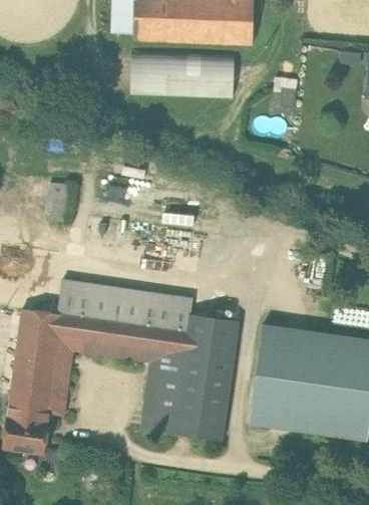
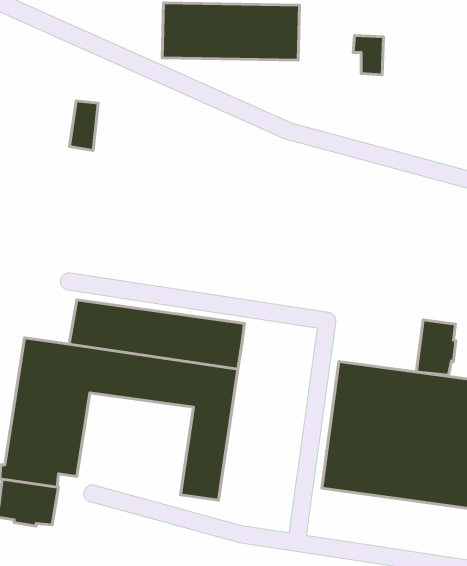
building: [46,183,68,221] -> [69,101,98,150]
building: none -> [416,320,456,375]
building: [171,313,239,441] -> none

